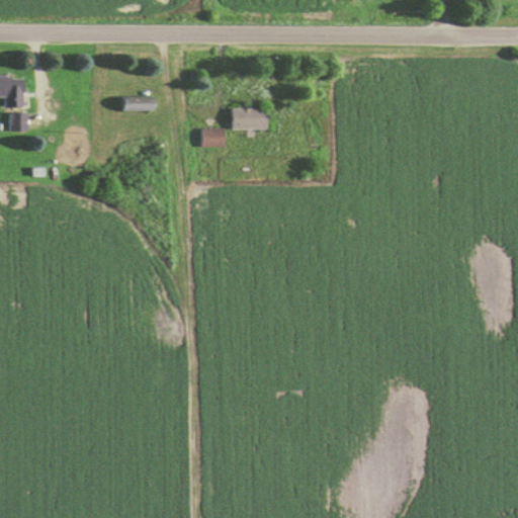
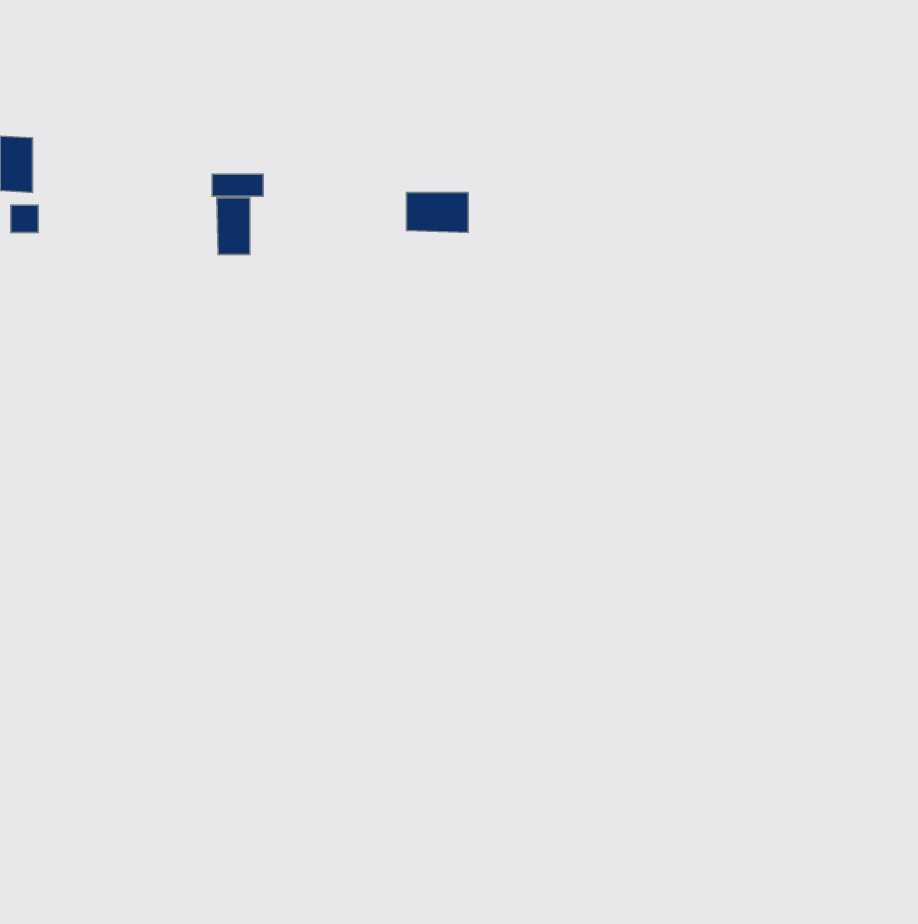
building: none -> [217,198,250,254]
building: [201,127,224,147] -> none

